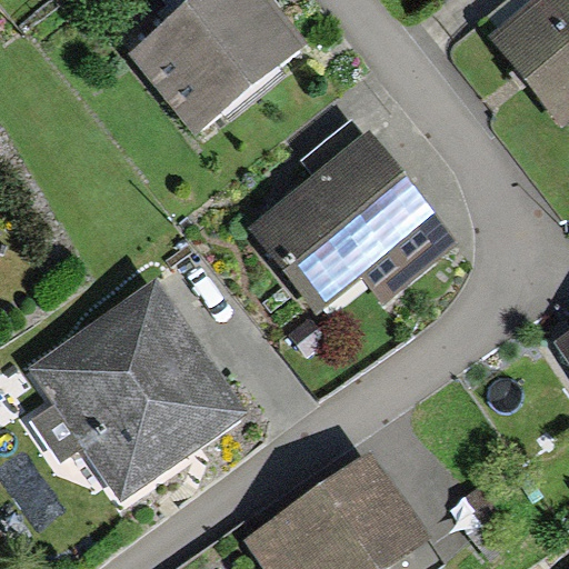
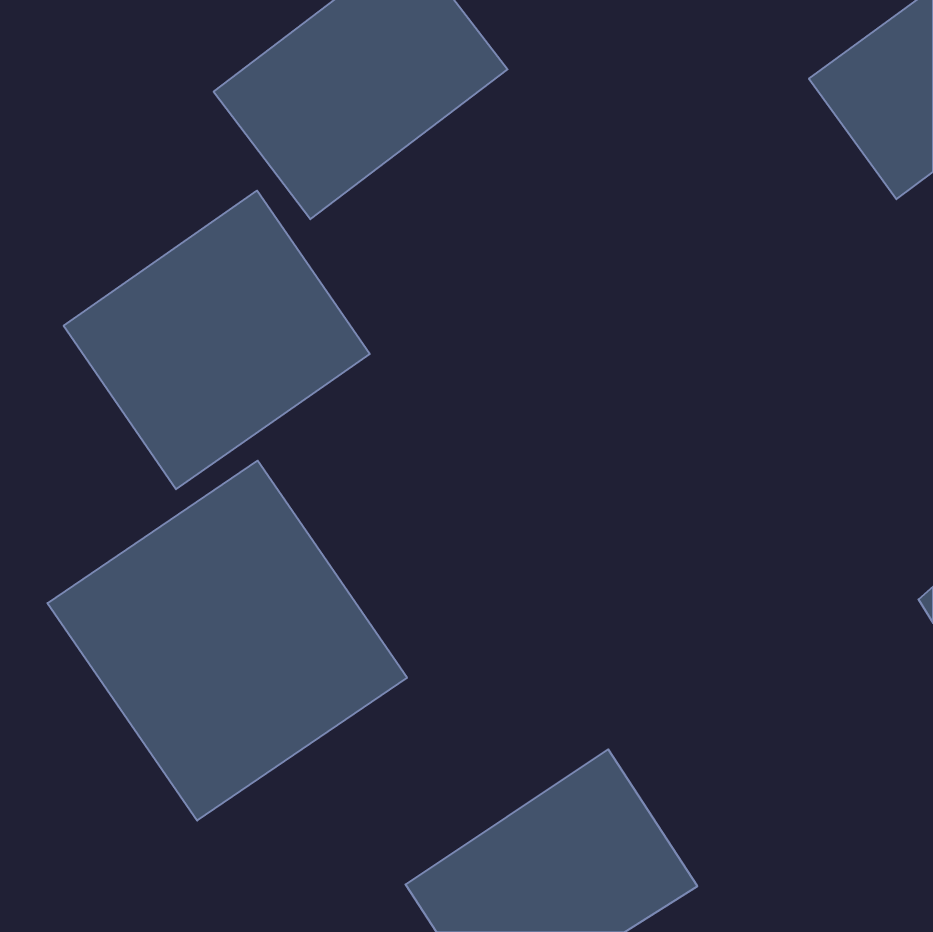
building: none -> [64,191,370,489]
building: [250,120,455,306] -> none

